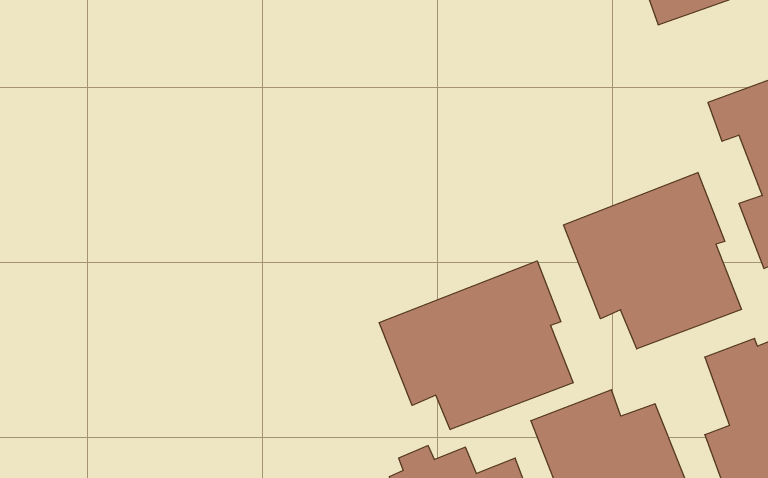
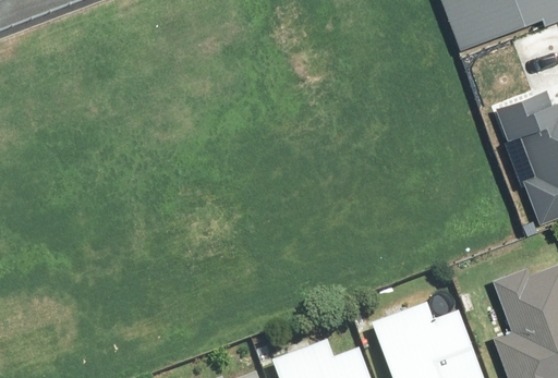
building: [563,172,742,349] -> none
building: [379,261,573,430] -> none

